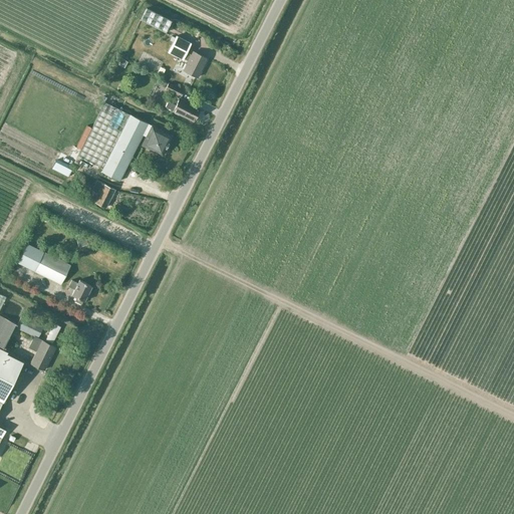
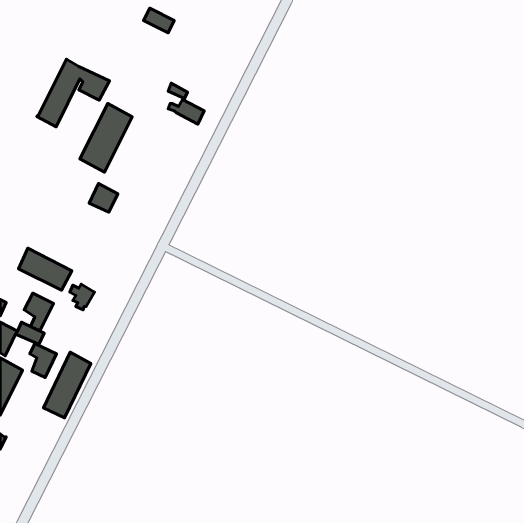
building: [168,36,207,78] -> none
building: [100,115,172,182] -> [37,59,110,127]
building: none -> [24,293,53,331]
building: none -> [43,352,91,418]

